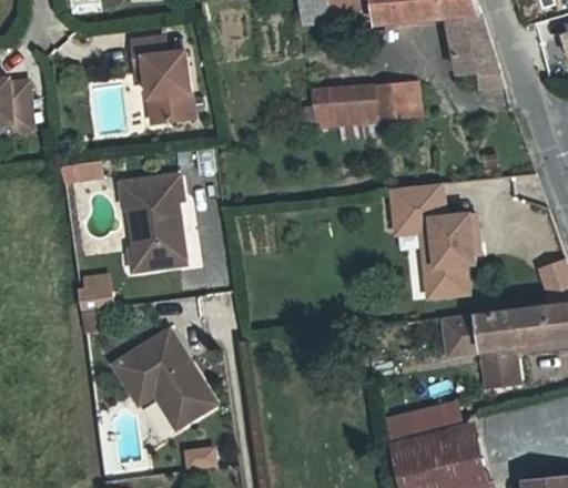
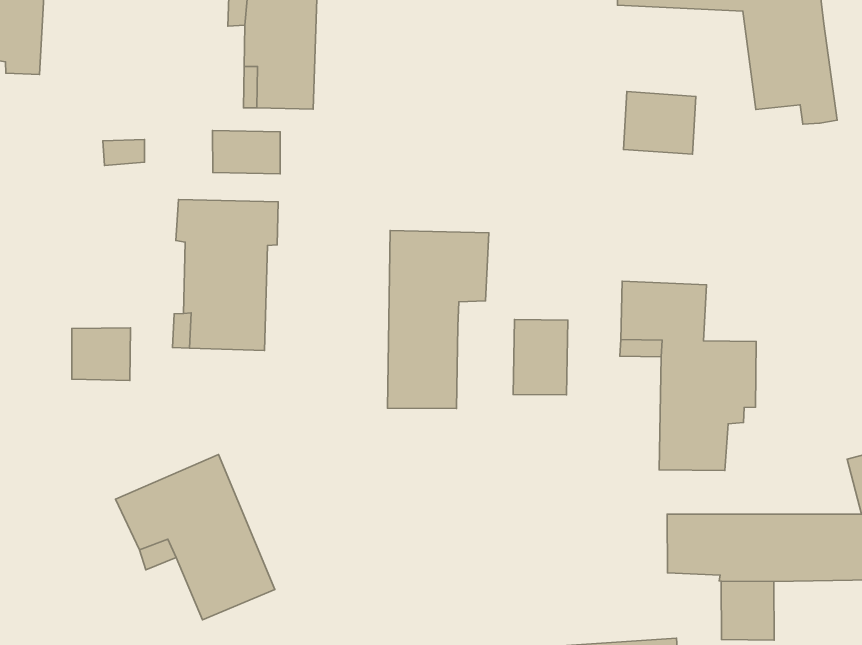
building: [311,81,381,121] -> none
building: none -> [213,130,280,174]
building: none -> [388,230,489,409]
building: none -> [513,320,568,395]

